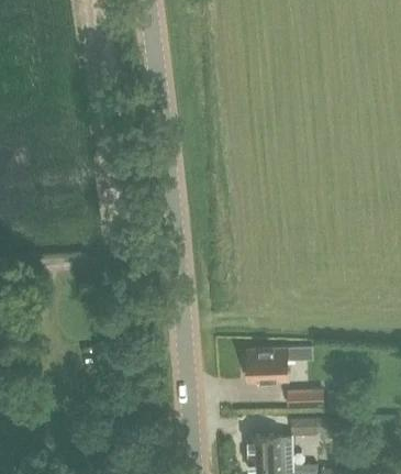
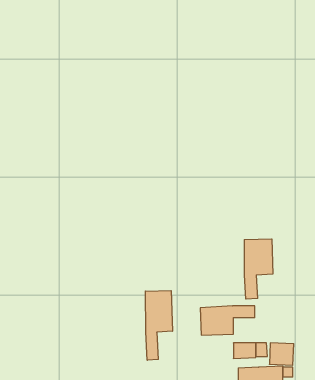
building: none -> [244,239,273,299]
building: none -> [145,291,172,360]

